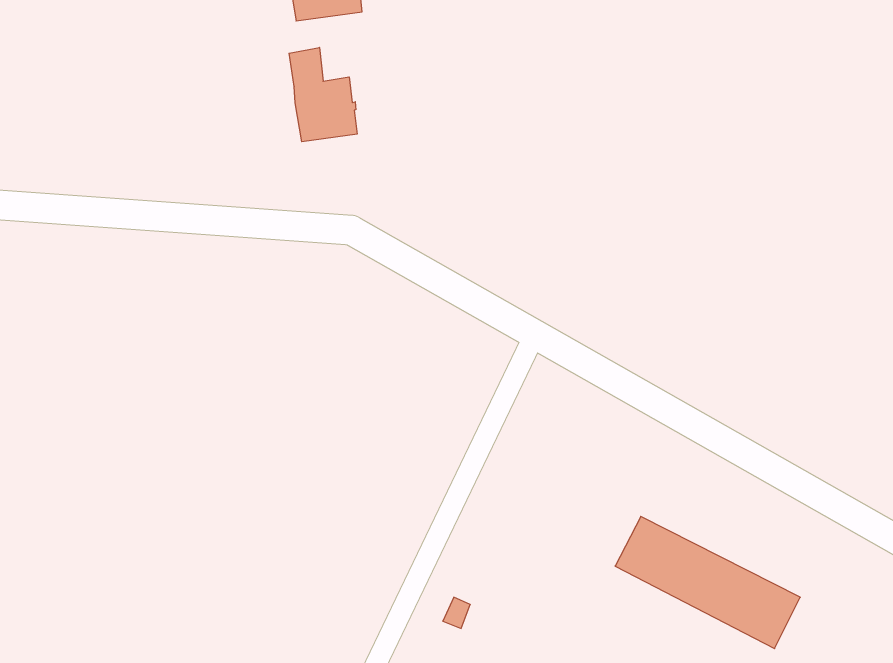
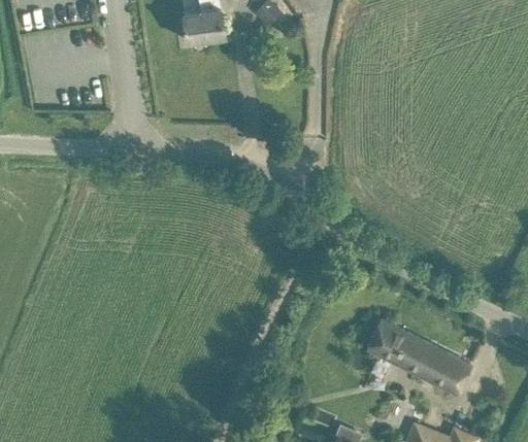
building: [289,47,357,142] -> none

